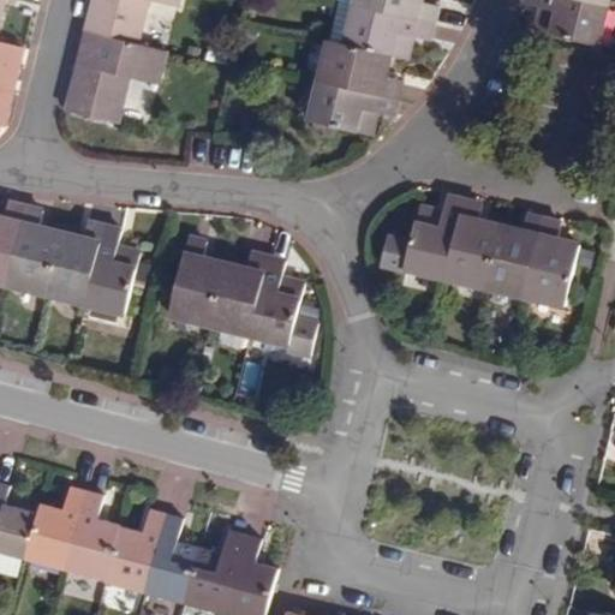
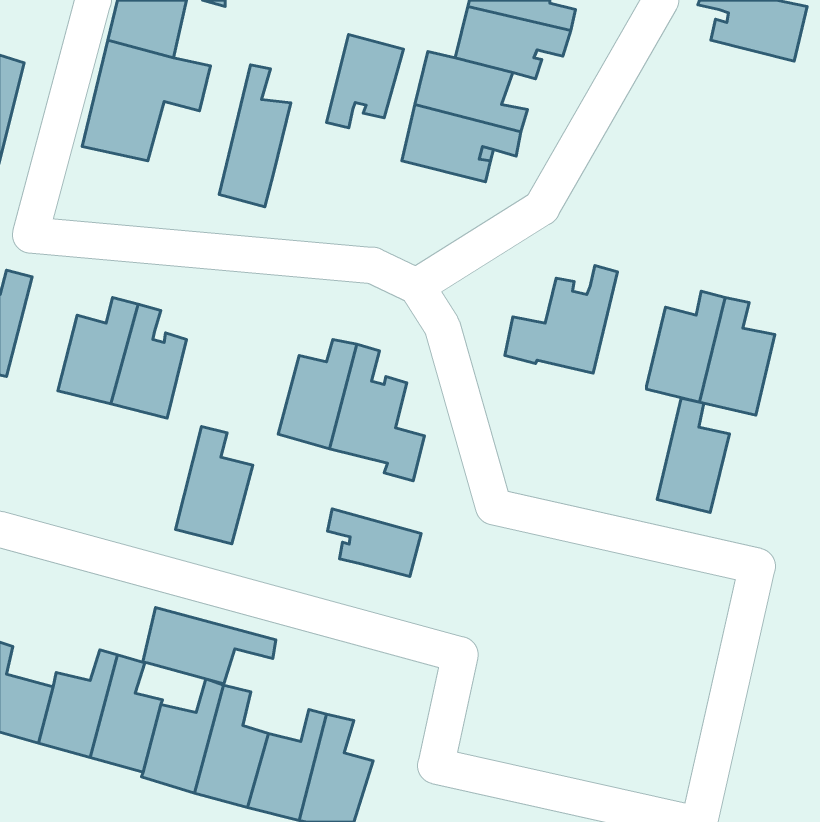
building: none -> [326,35,404,128]
building: none -> [219,65,291,207]
building: [443,203,497,288] -> [657,398,729,513]
building: [5,207,58,292] -> none
building: [166,237,223,324] -> [176,427,253,544]
building: none -> [328,509,421,577]
building: none -> [143,607,276,684]

